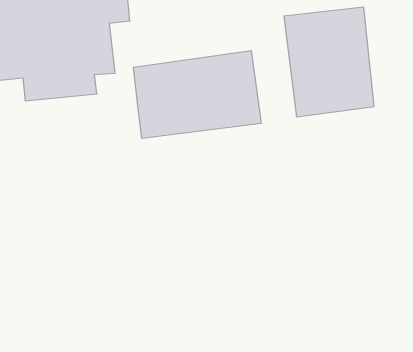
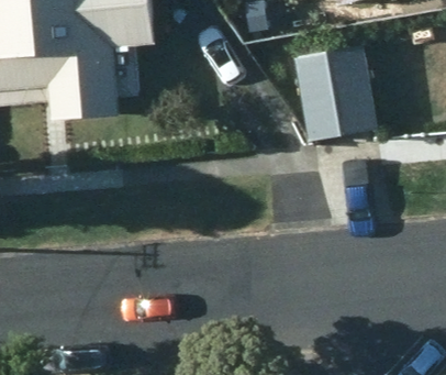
building: [133,51,261,138] -> none

